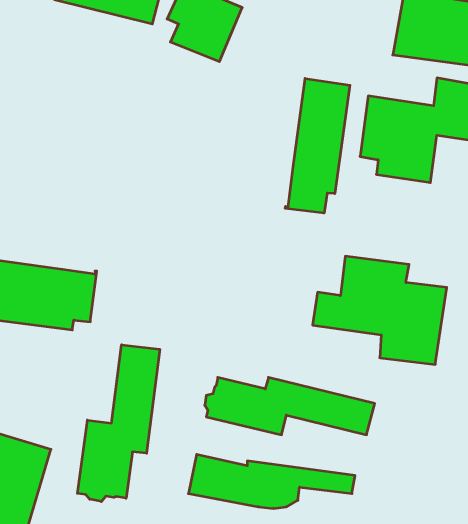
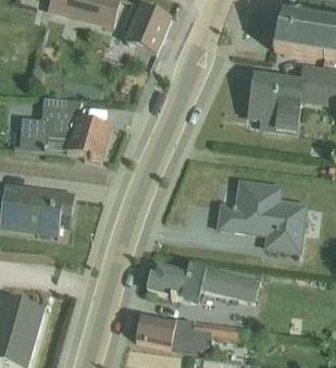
building: [285,78,350,213] -> none
building: none -> [18,99,111,162]
building: [77,345,160,502] -> none

